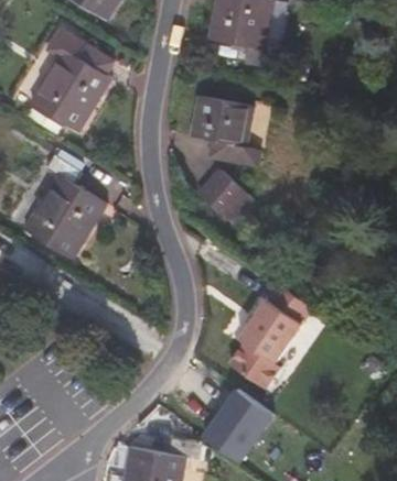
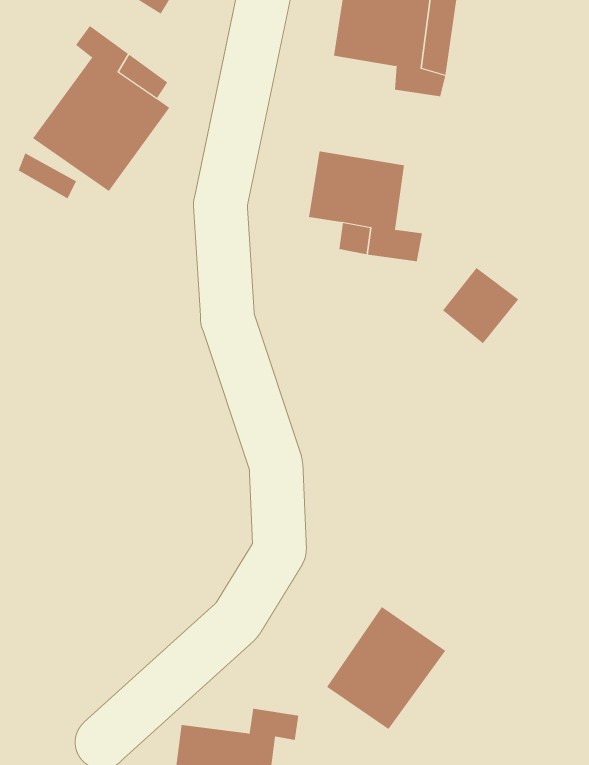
building: [14,151,97,254] -> none
building: [211,181,258,228] -> [442,267,519,344]
building: [219,278,305,383] -> none

